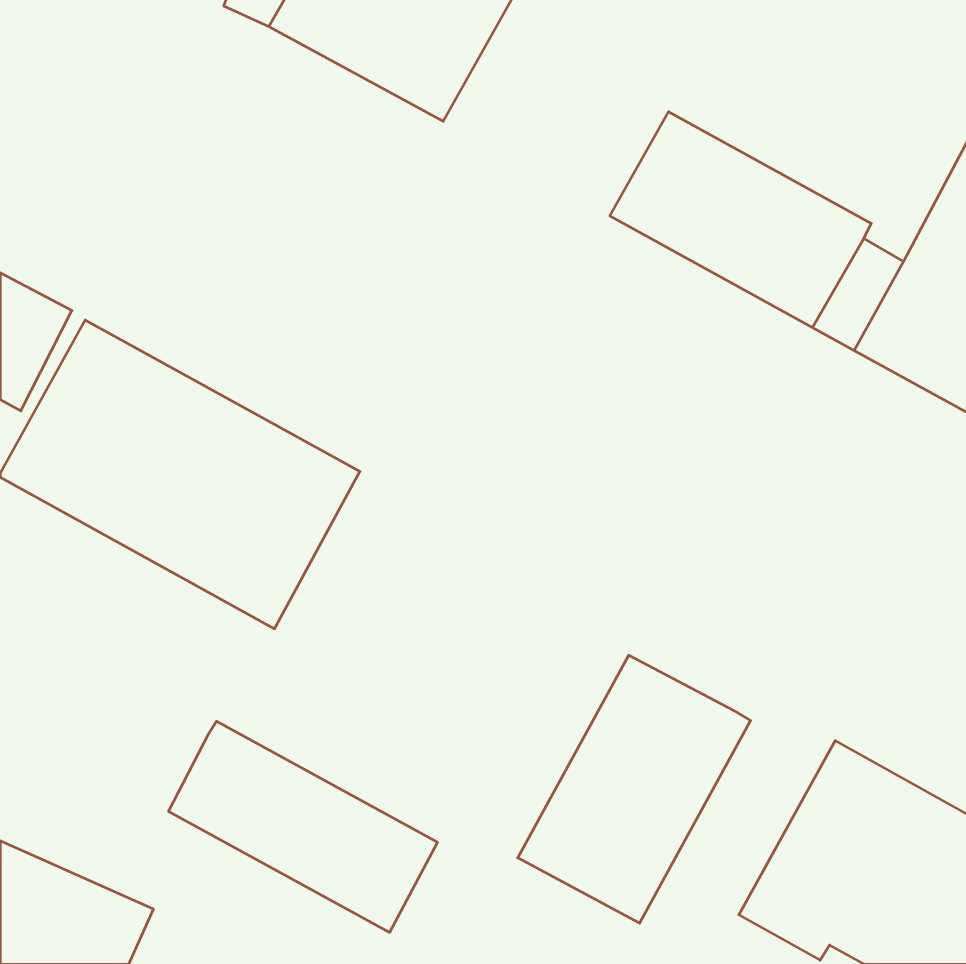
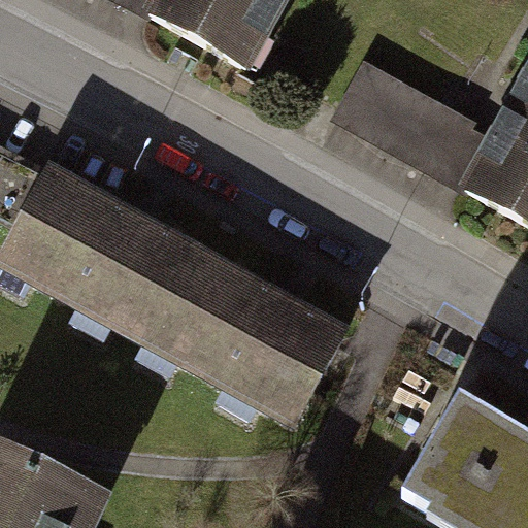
building: none -> [151,257,342,422]
building: [518,655,751,923] -> none
building: [169,721,437,932] -> none

